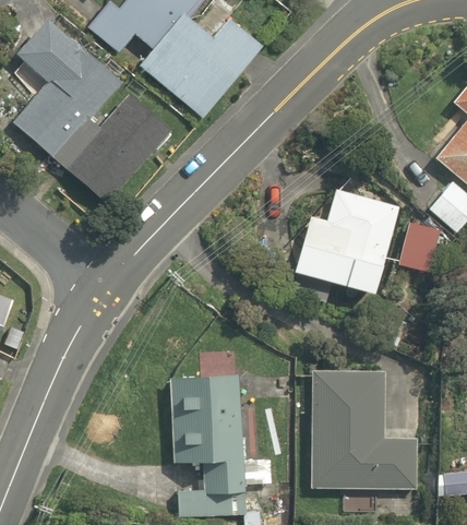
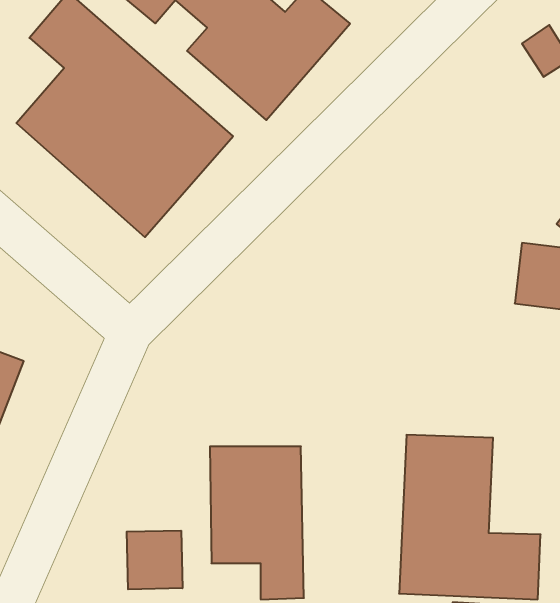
building: [291,182,397,286] -> none
building: none -> [127,531,182,589]

